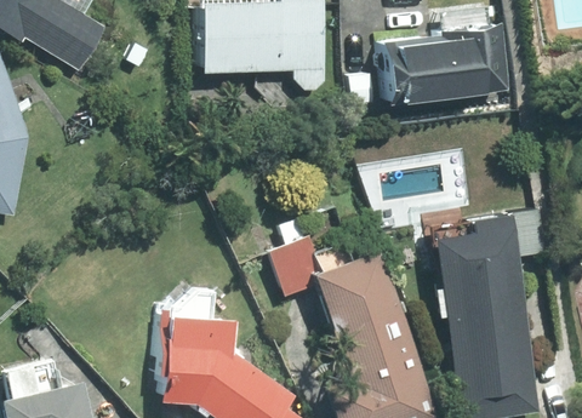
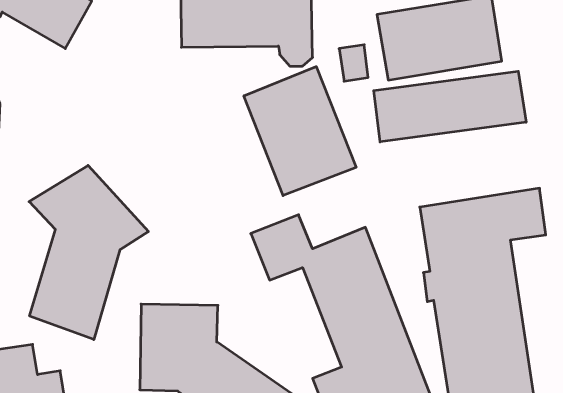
building: none -> [244,67,356,196]
building: none -> [374,71,526,142]
building: none -> [29,165,148,340]

